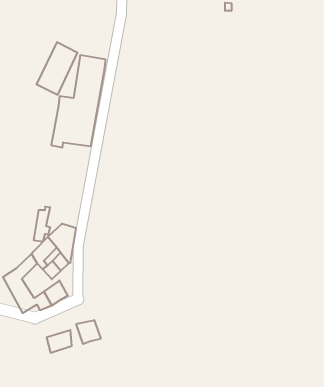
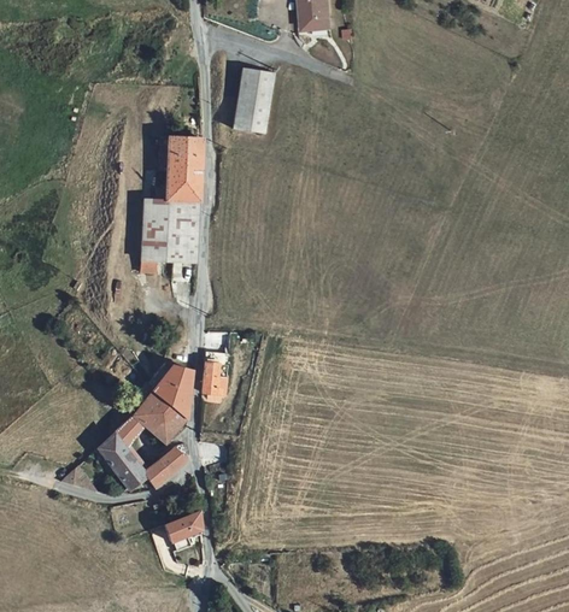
building: [36,42,77,95] -> [227,61,277,134]
building: [34,207,50,242] -> [204,345,224,393]
building: [76,320,101,344] -> none

